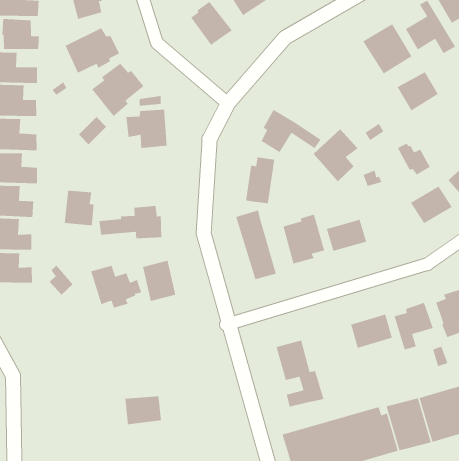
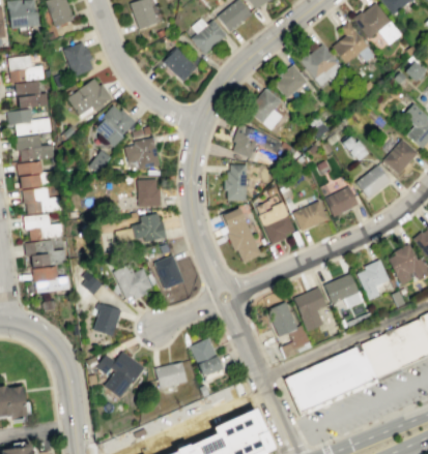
building: [396,71,439,111] -> [273,63,307,96]
building: [313,129,359,182] -> [247,88,282,130]
building: [64,190,94,226] -> [137,179,161,207]
building: none -> [325,186,359,216]
building: none -> [93,303,121,337]
building: none -> [293,286,326,330]
building: none -> [189,337,222,376]
building: none -> [95,351,144,398]

